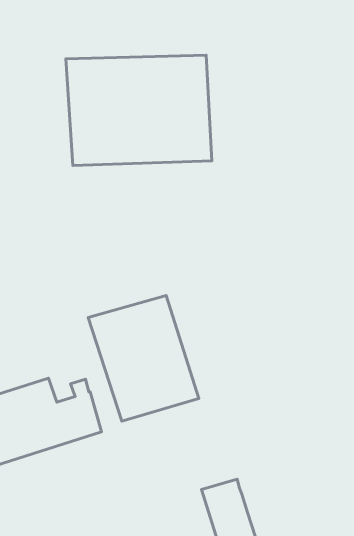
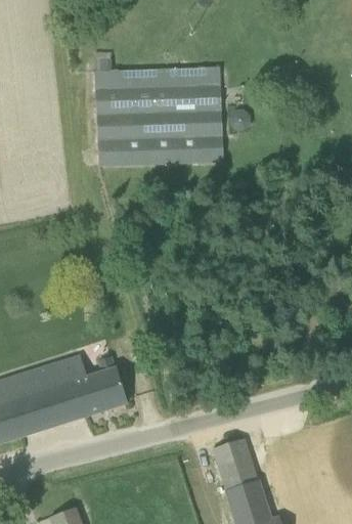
building: [88,296,199,421] -> none

